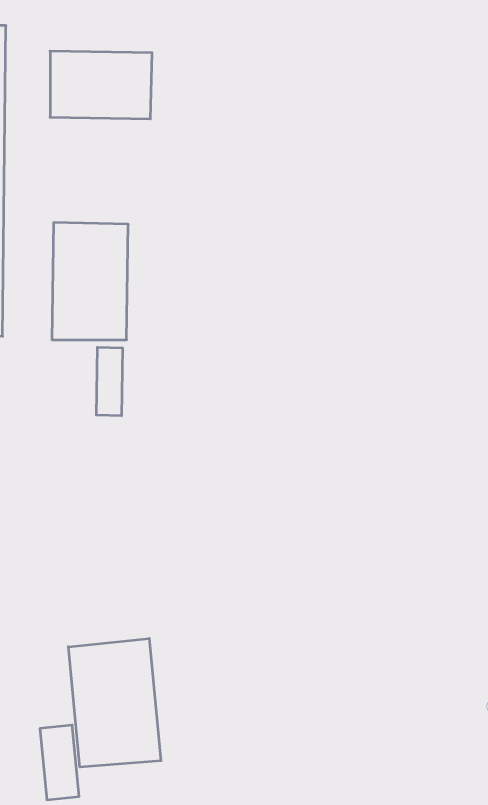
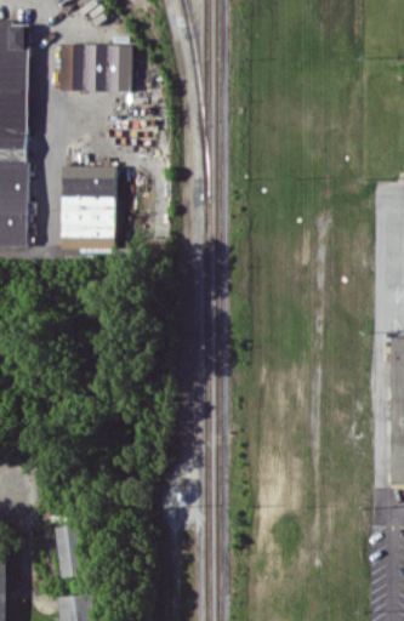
building: [96,347,123,416] -> none
building: [68,638,161,767] -> none

